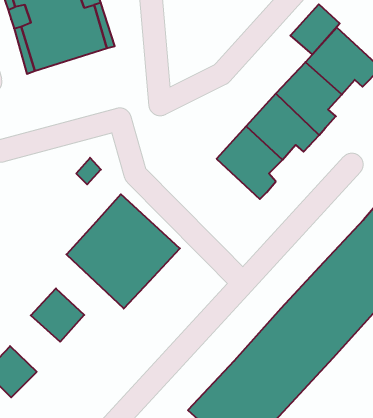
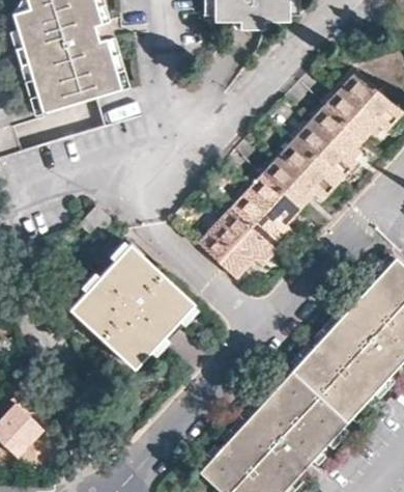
building: [290,4,340,54] -> none
building: none -> [199,208,277,278]
building: [31,288,84,342] -> none

